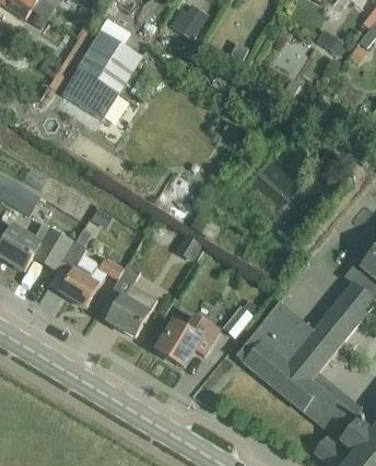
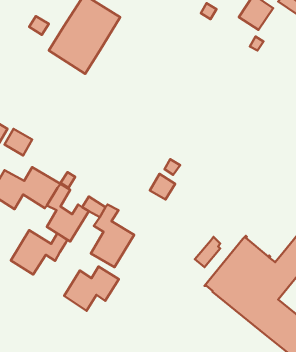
building: none -> [11,230,67,275]
building: [158,316,220,366] -> [64,267,119,311]

